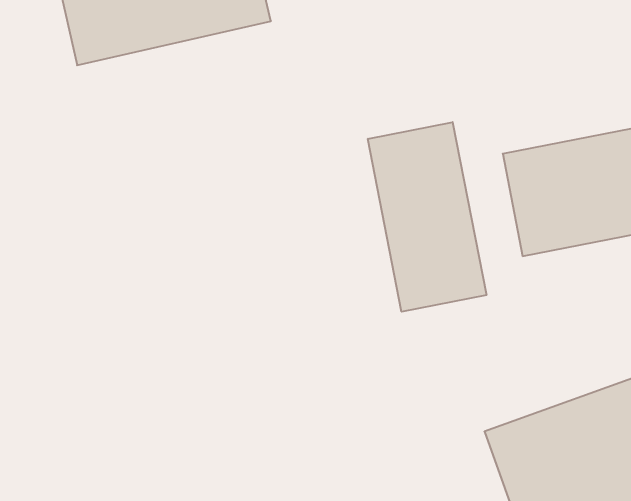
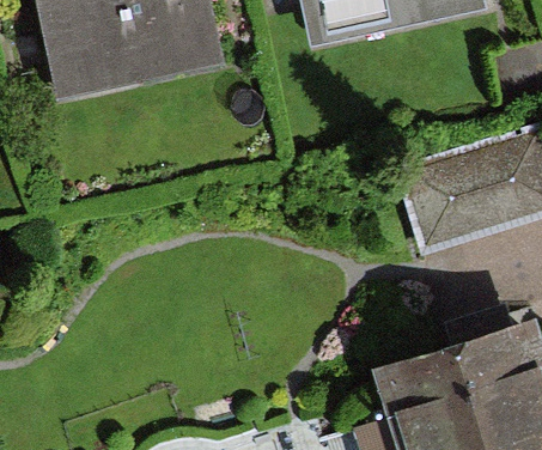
building: [368,122,486,312] -> none

